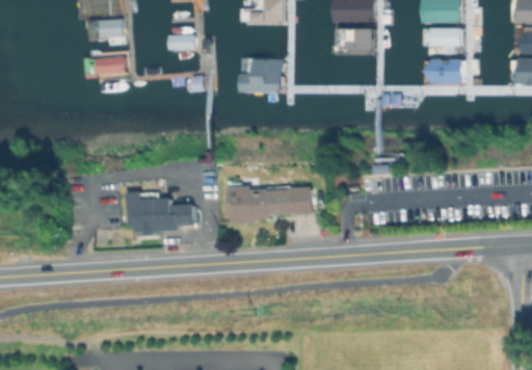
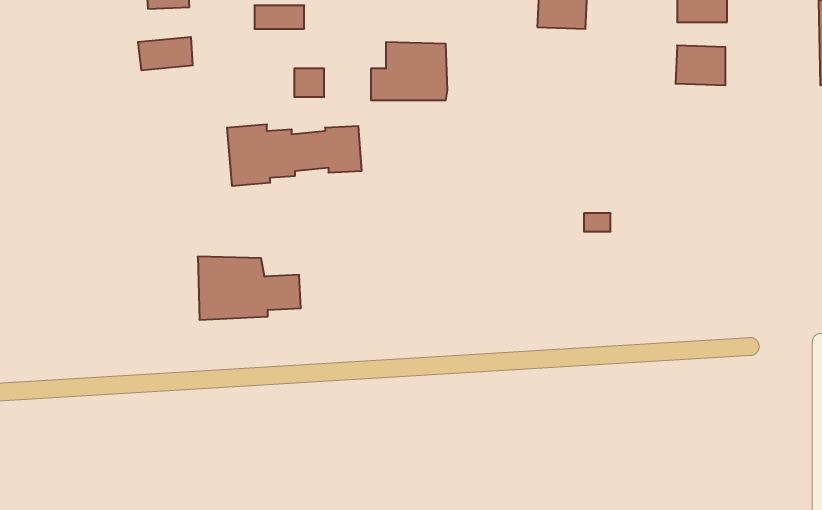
building: [229,185,313,223] -> [227,124,362,186]

